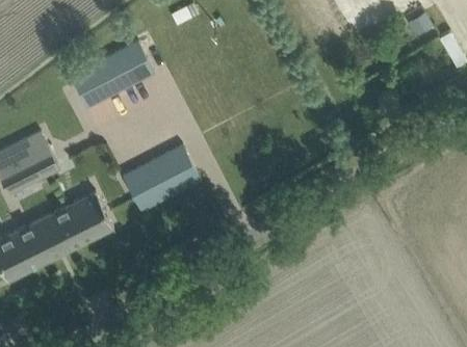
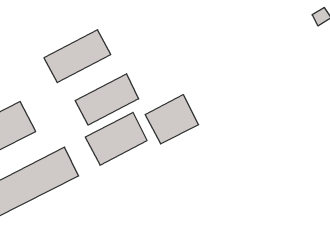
building: none -> [75,74,139,125]
building: none -> [145,95,199,144]

